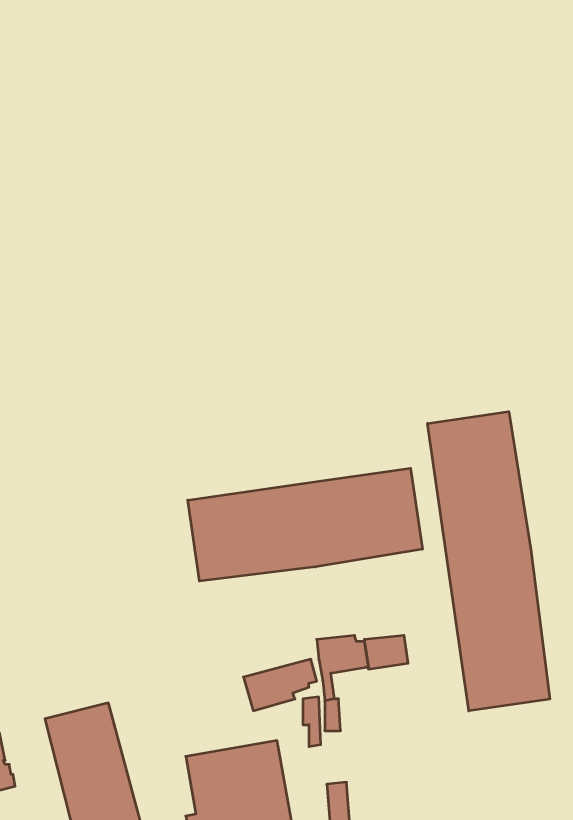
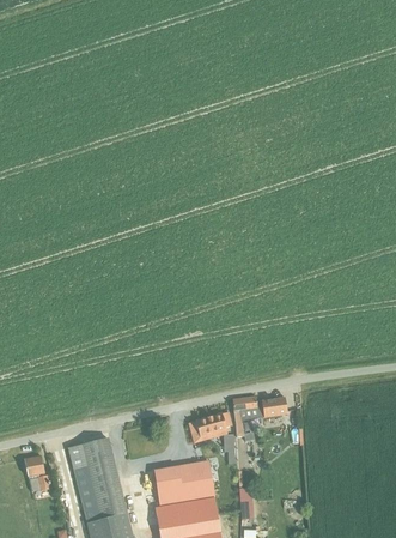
building: [428,412,550,711] -> none
building: [188,468,422,581] -> none

